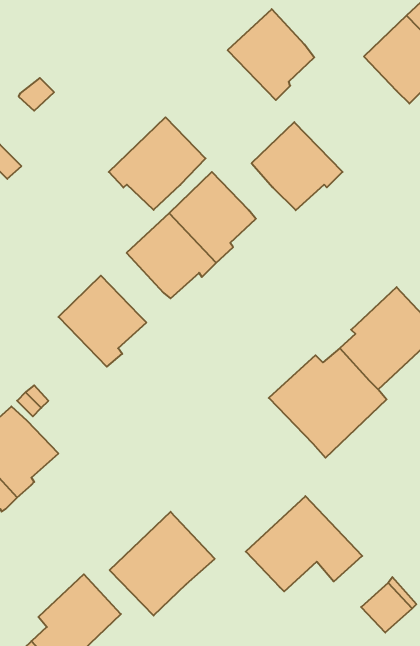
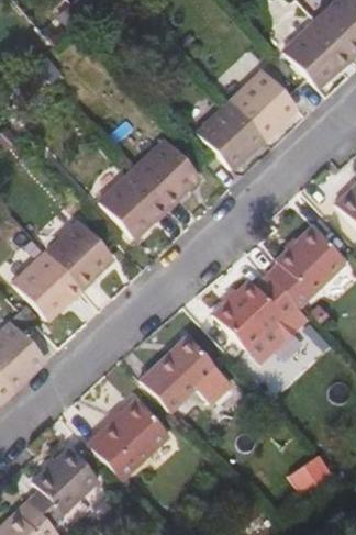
building: [228,9,314,100] -> [232,68,299,138]
building: [109,117,206,210] -> none
building: none -> [15,250,87,317]
building: [246,496,362,591] -> [141,338,231,412]

